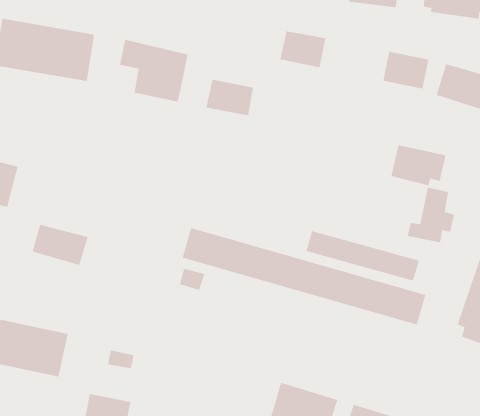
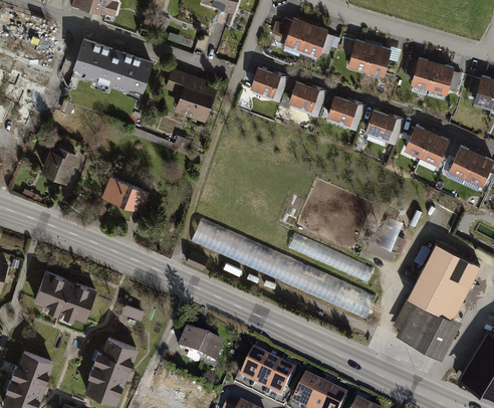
building: none -> [327,95,365,128]
building: [206,79,254,116] -> [249,67,288,99]
building: [391,145,446,186] -> none
building: [32,224,89,266] -> [102,175,148,211]
building: none -> [178,329,224,365]

